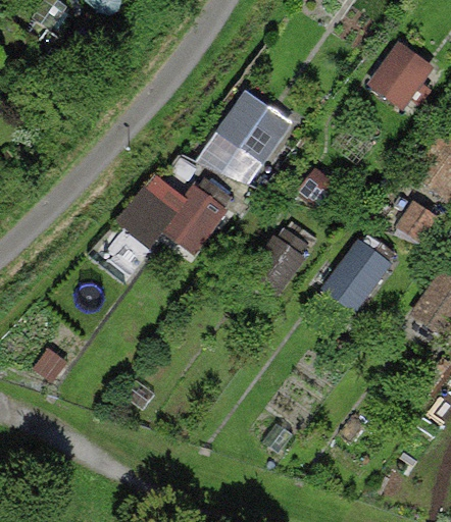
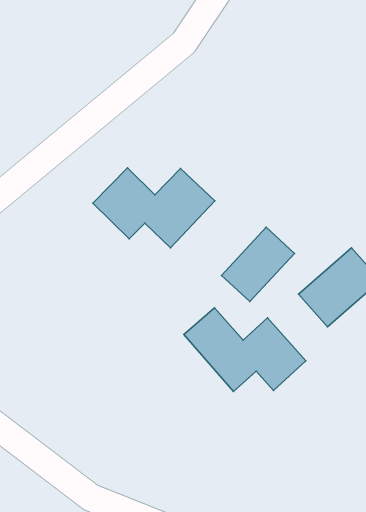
building: [207,90,291,177] -> none
building: none -> [184,308,306,392]

